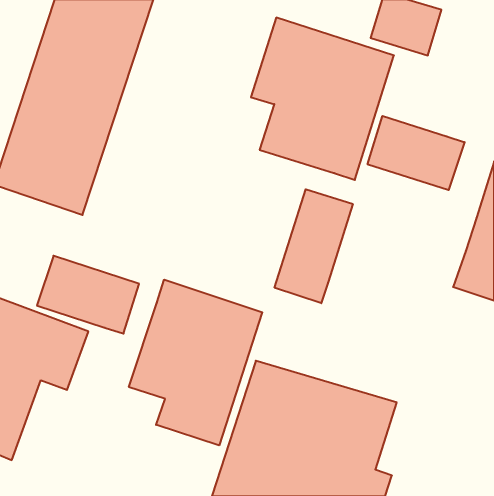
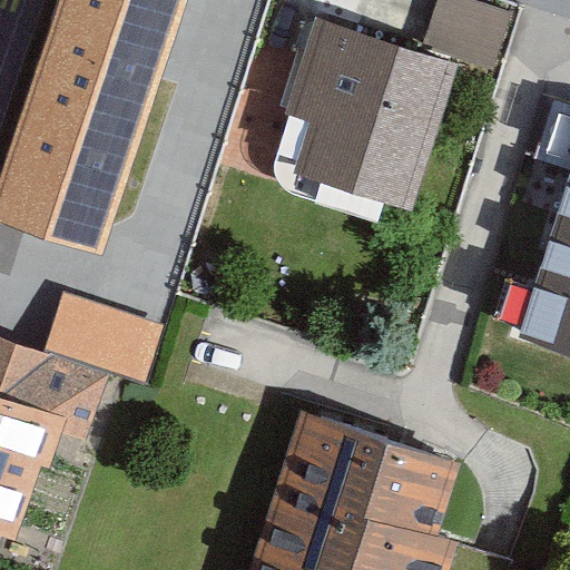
building: [368,116,465,190] -> none
building: [275,189,353,303] -> none
building: [129,280,262,445] -> none

